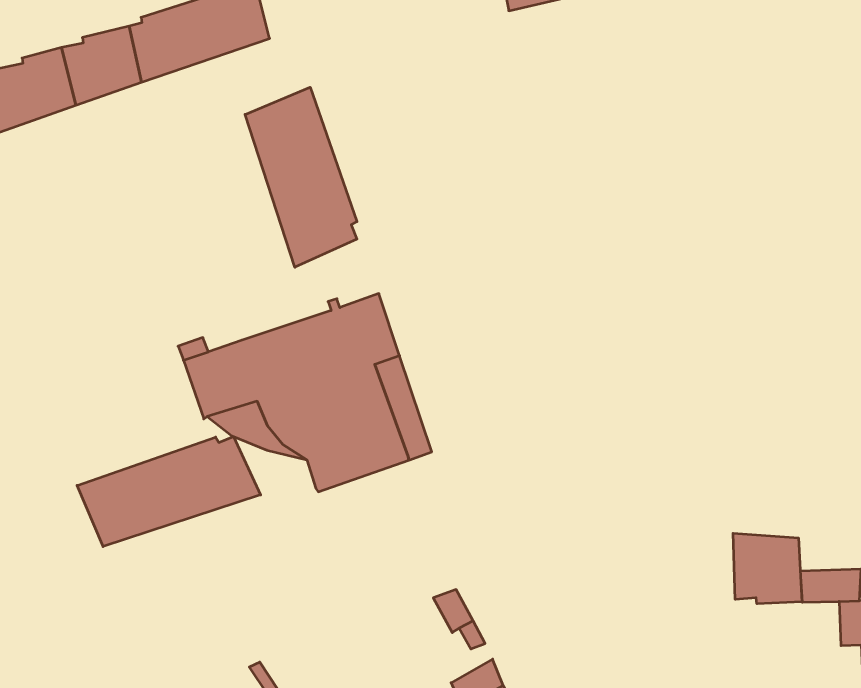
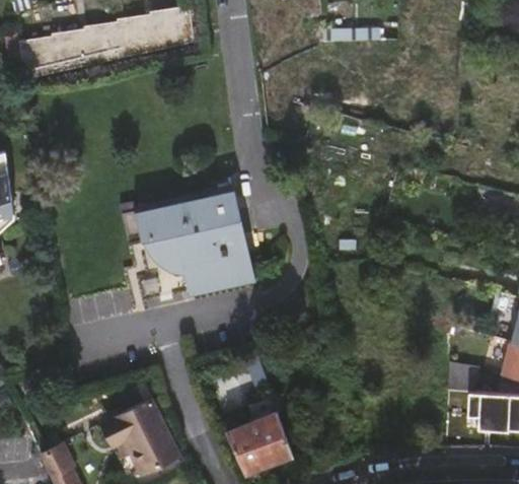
building: [245,87,357,267] -> none
building: [77,437,261,547] -> none
building: [733,533,802,604] -> none

